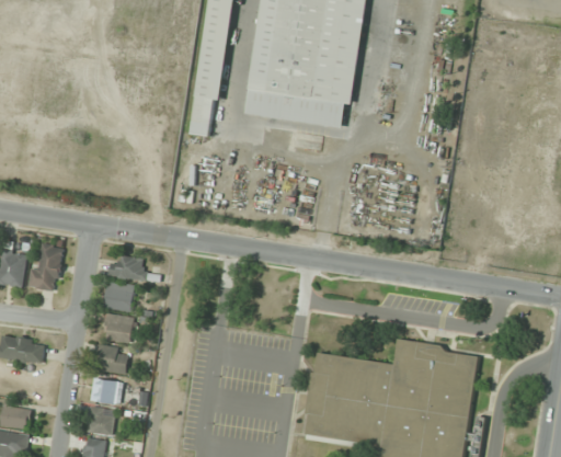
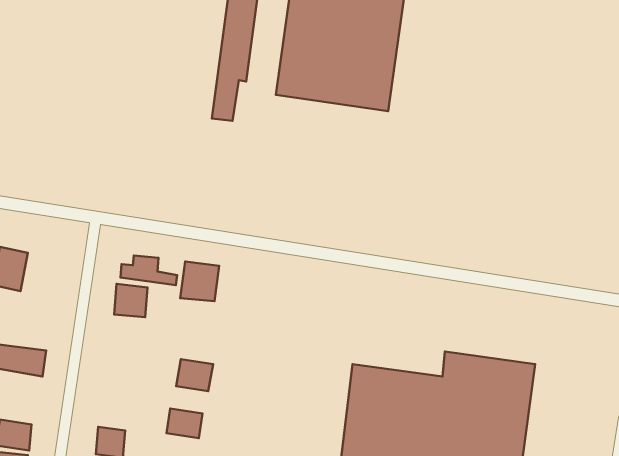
building: [27,244,62,292] -> none
building: none -> [180,261,219,301]
building: [101,313,133,343] -> none
building: [95,345,128,374] -> [176,359,213,391]
building: [90,378,122,404] -> [167,408,202,438]

